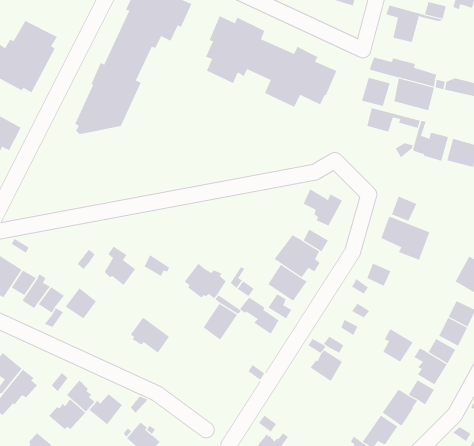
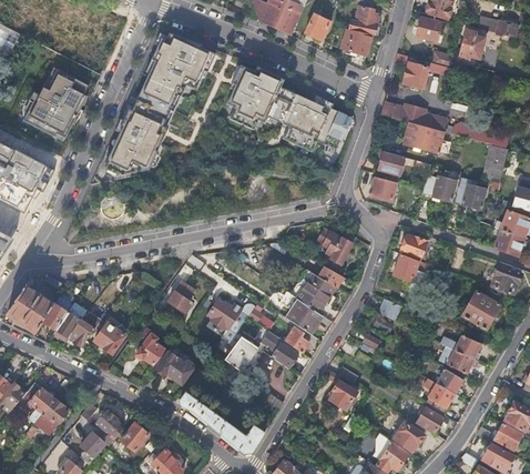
building: [361,77,391,107] -> [369,173,397,201]
building: [104,246,137,286] -> [136,327,167,365]
building: [382,328,413,363] -> none
building: none -> [180,391,263,452]

